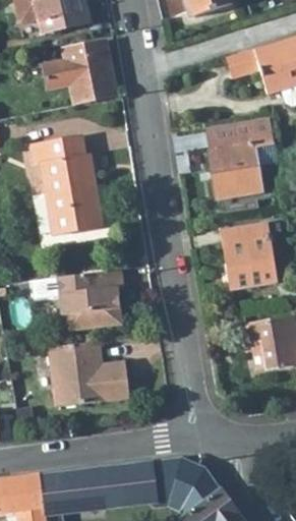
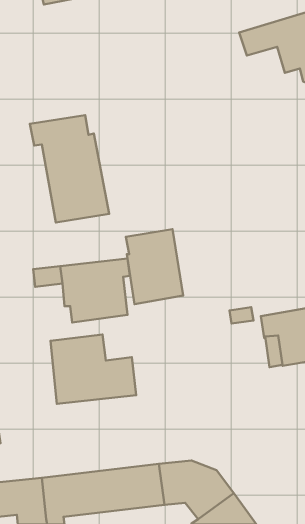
building: [42,39,117,104] -> none
building: [206,118,273,198] -> none
building: [222,221,276,291] -> [126,229,183,304]

